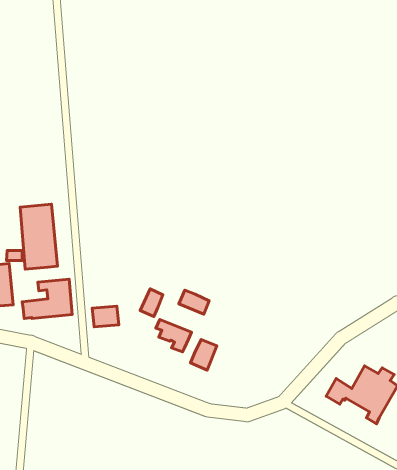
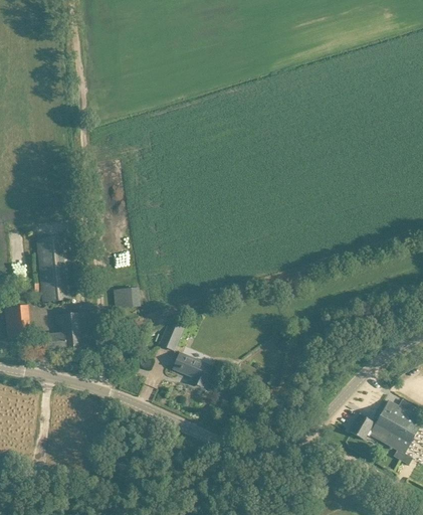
building: [179,290,209,314] -> none
building: [92,306,119,327] -> [113,288,140,309]
building: [191,339,217,370] -> none

